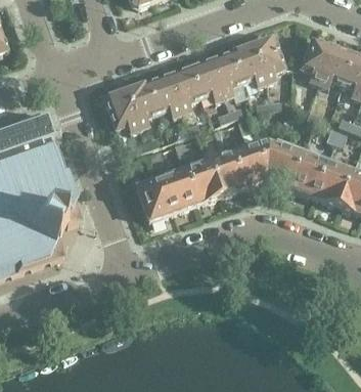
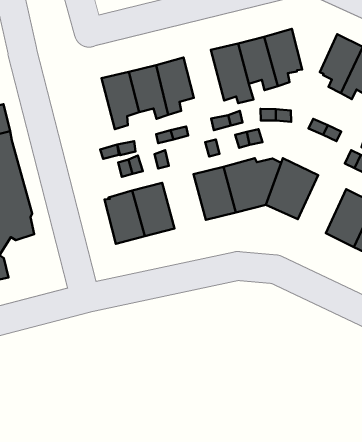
building: [189,57,225,101] -> none
building: [104,88,139,131] -> none
building: [292,150,329,197] -> none
building: [181,159,219,204] -> none

